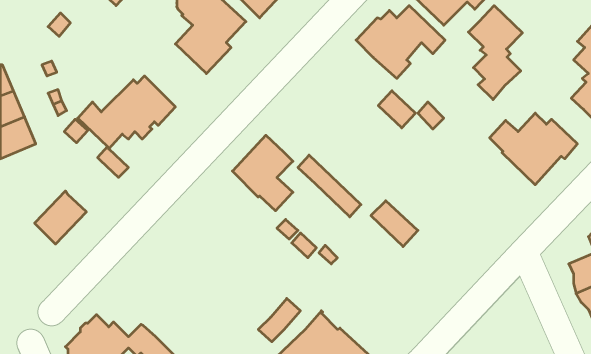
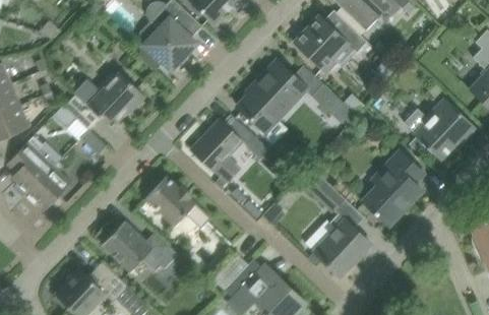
building: [468,6,522,100] -> none
building: none -> [236,60,307,130]
building: none -> [11,135,62,192]
building: none -> [362,150,424,226]
building: none -> [144,176,210,232]
building: none -> [313,213,370,276]
building: none -> [102,220,177,271]

